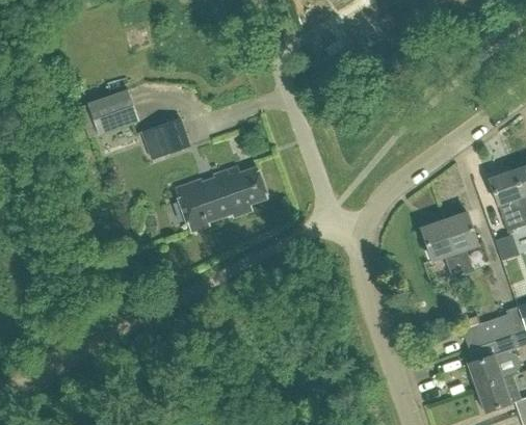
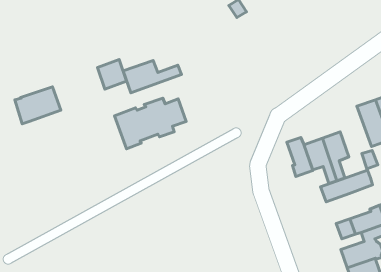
building: [79,89,138,137] -> [15,87,61,124]
building: none -> [123,60,182,93]
building: none -> [287,138,313,176]
building: none -> [321,170,373,202]

